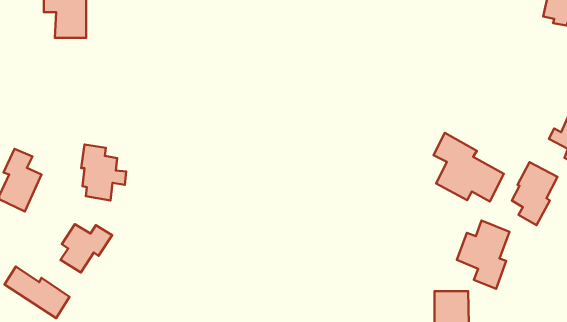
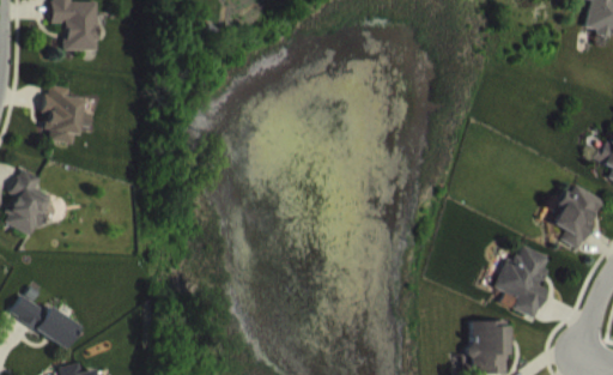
building: [434,133,504,202] -> none
building: [81,145,126,201] -> [43,84,91,144]
building: [60,224,112,273] -> none

